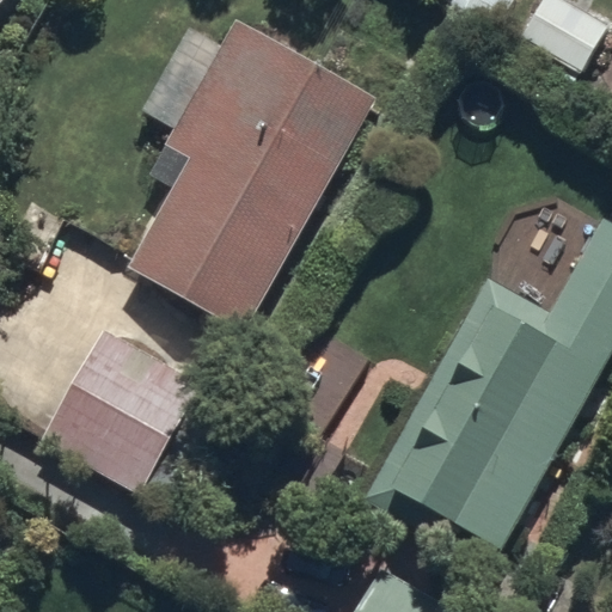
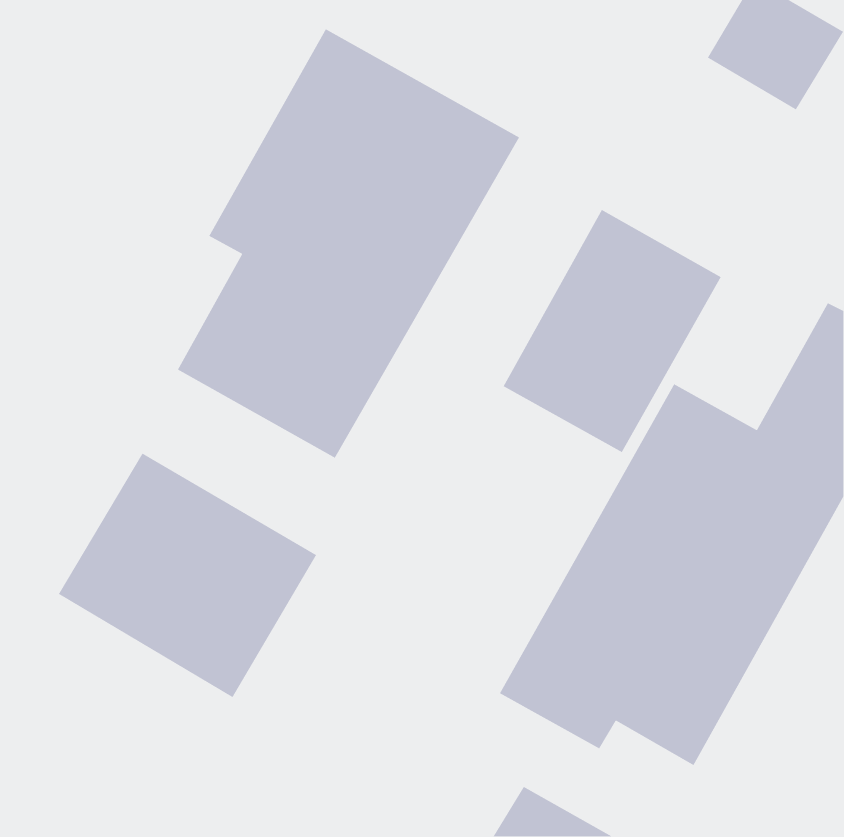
building: none -> [503,209,722,453]

